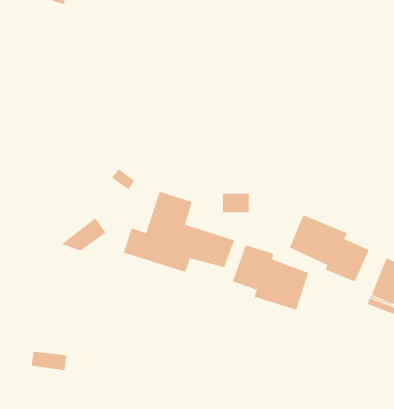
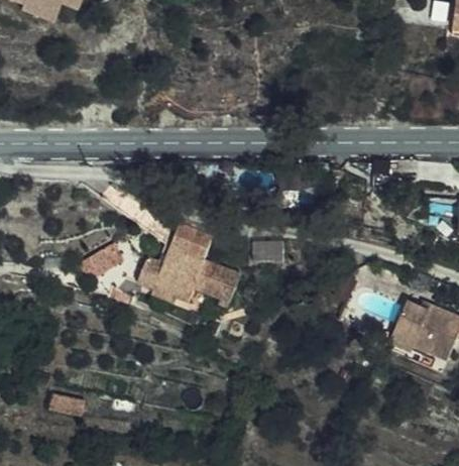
building: [289,214,370,282] -> none
building: [232,244,309,311] -> none

